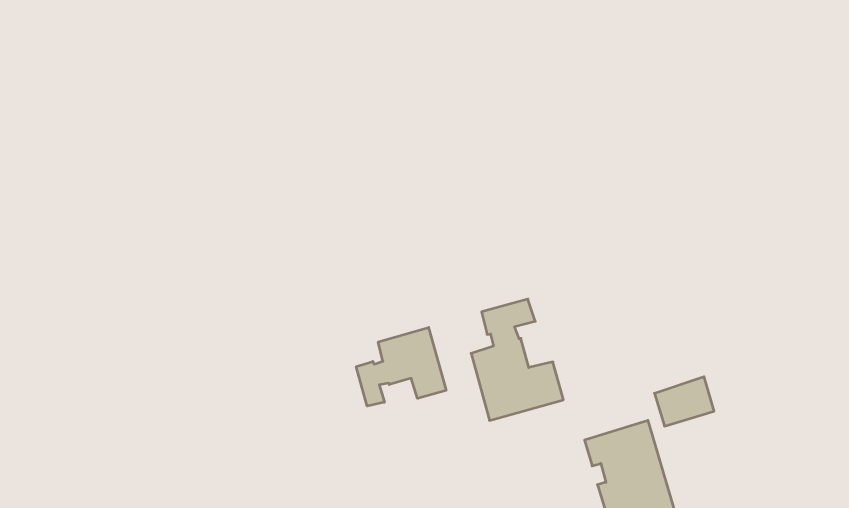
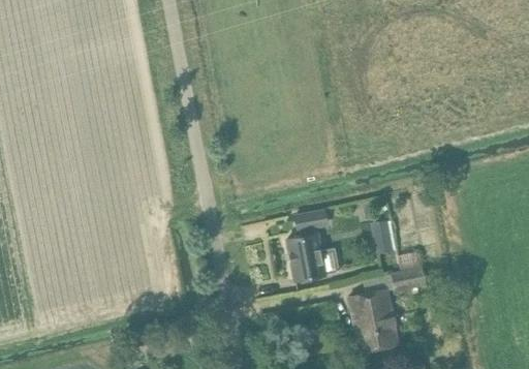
building: none -> [368,218,391,253]
building: [356,327,446,406] -> none

